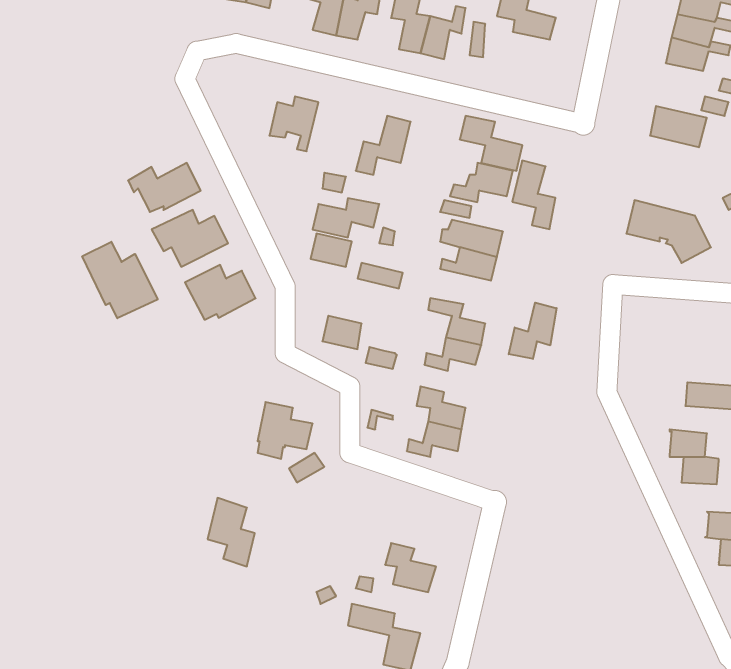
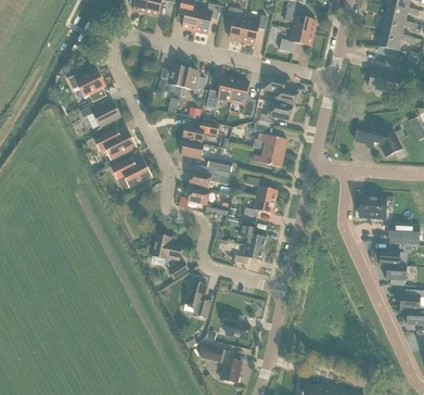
building: none -> [279,28,313,52]
building: none -> [179,67,206,95]
building: none -> [67,69,106,101]
building: [512,161,555,229] -> [231,78,255,116]
building: [82,242,158,318] -> none
building: none -> [189,168,235,188]
building: [509,303,557,359] -> none
building: none -> [359,195,387,217]
building: [208,498,255,566] -> [185,280,211,318]

